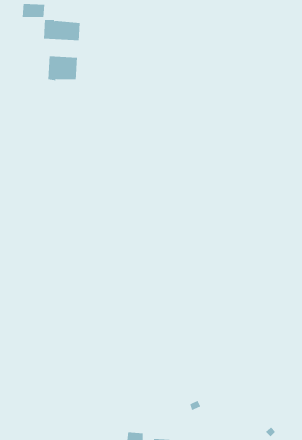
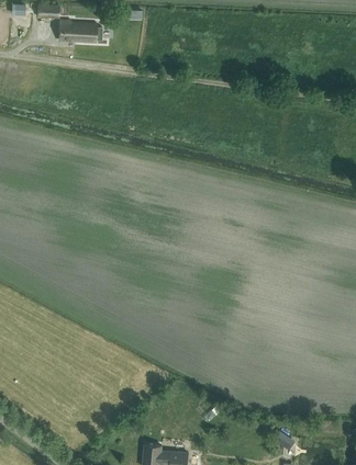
building: [48,56,77,81] -> none

